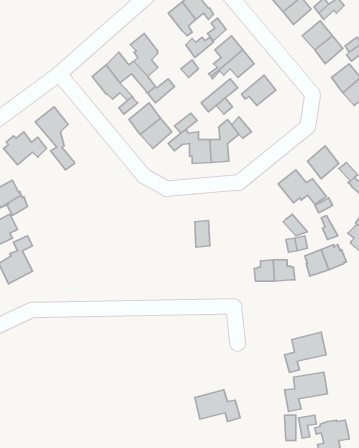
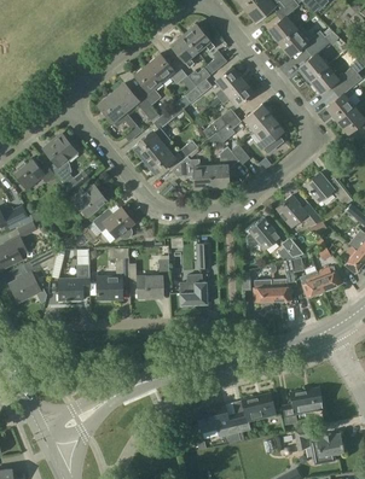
building: none -> [147,53,186,83]
building: none -> [255,118,284,153]
building: none -> [69,186,106,214]
building: none -> [88,208,134,239]
building: none -> [247,217,279,249]
building: none -> [97,257,129,299]
building: none -> [138,259,169,298]
building: none -> [58,264,89,300]
building: none -> [179,274,207,308]
building: [284,332,326,372] -> [234,392,274,431]

